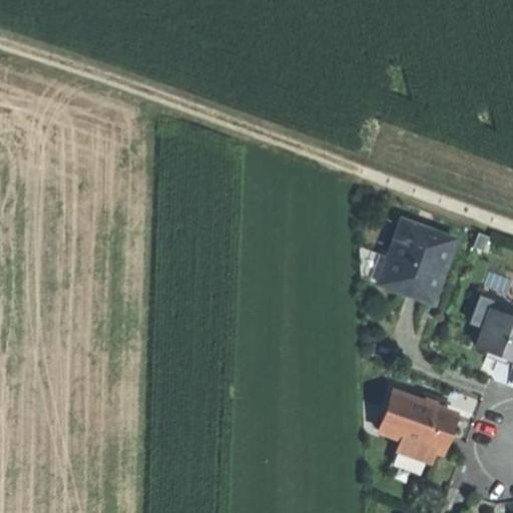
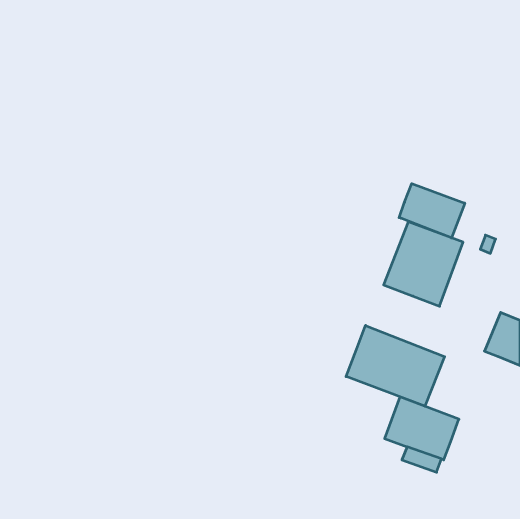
building: none -> [399,184,465,238]
building: none -> [346,325,445,406]

